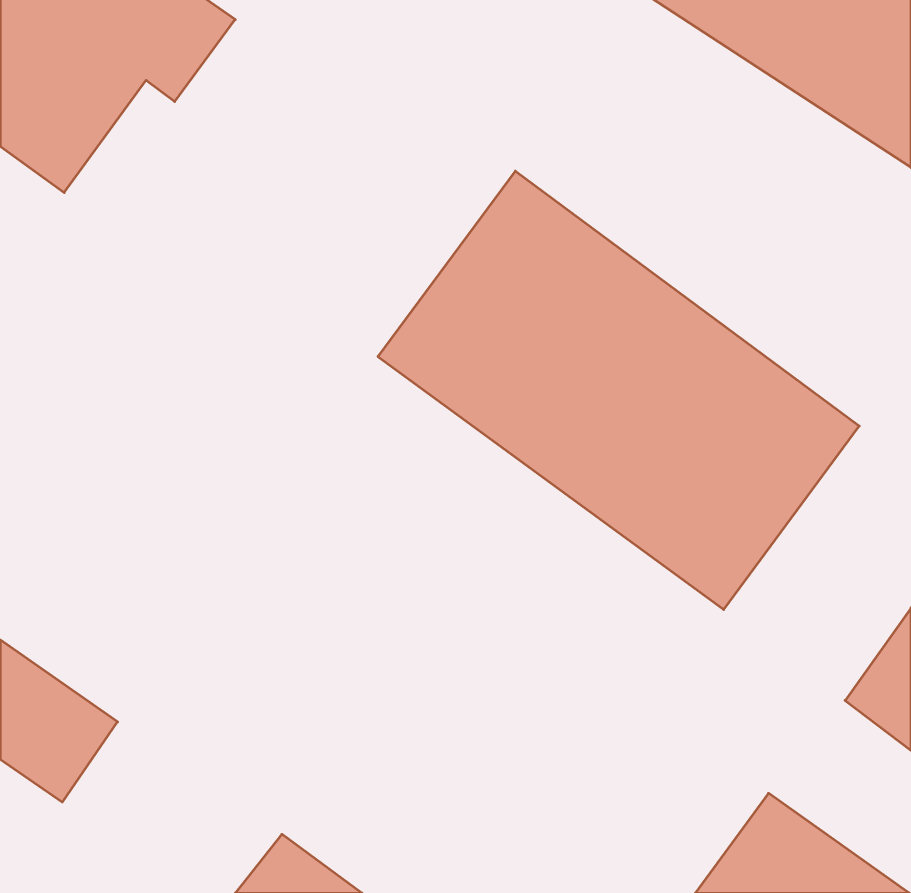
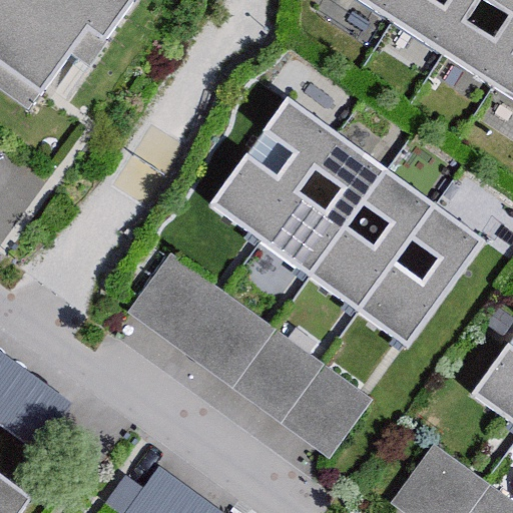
building: none -> [126,254,371,457]

